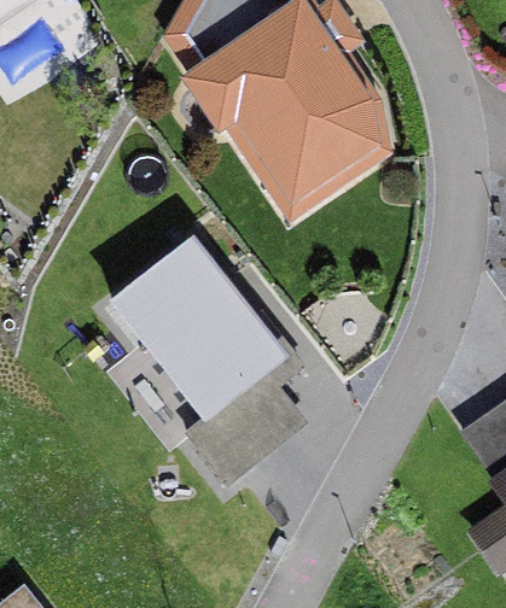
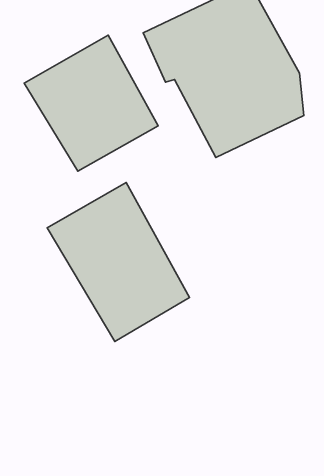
building: none -> [24,35,158,171]

